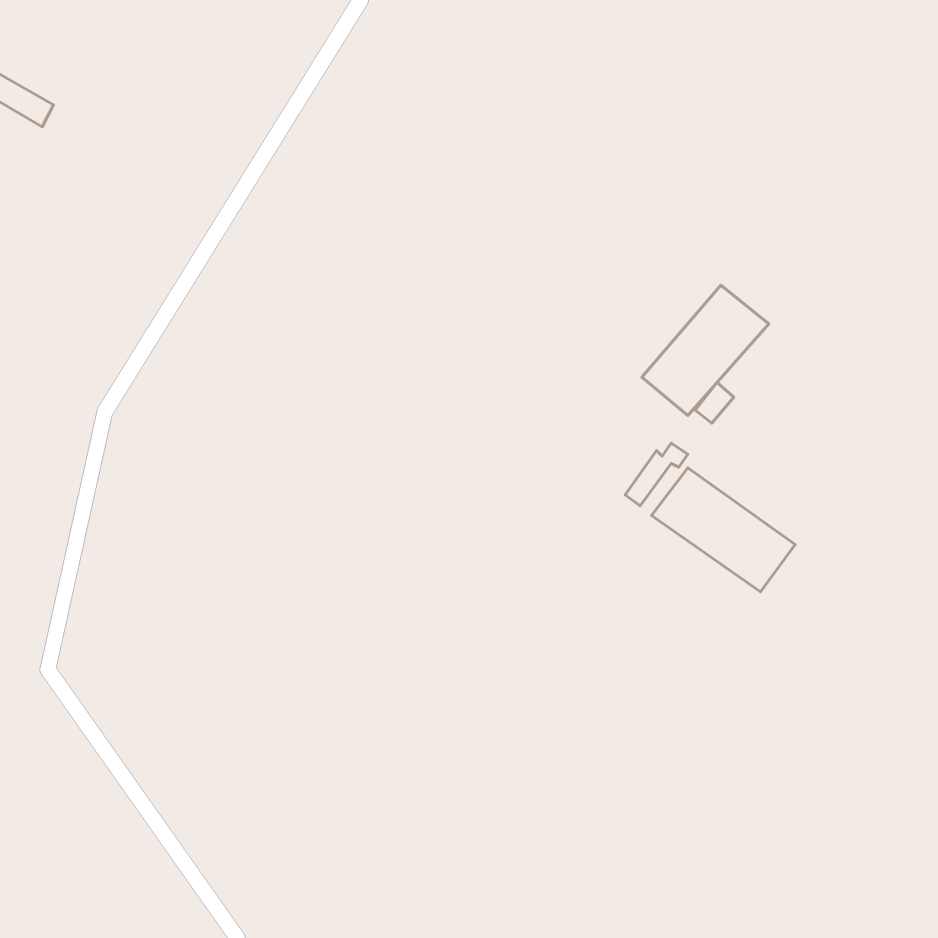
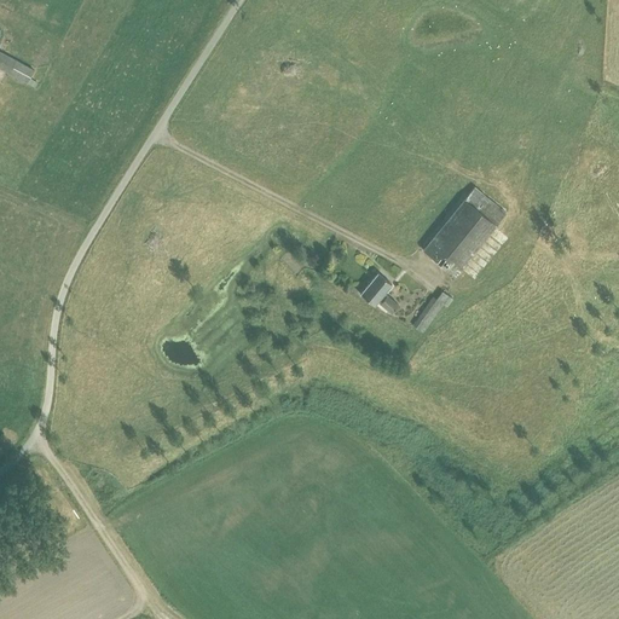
building: none -> [359,274,398,314]
building: [651,468,795,592] -> none

